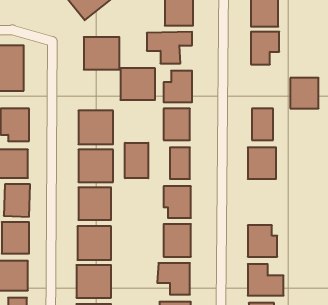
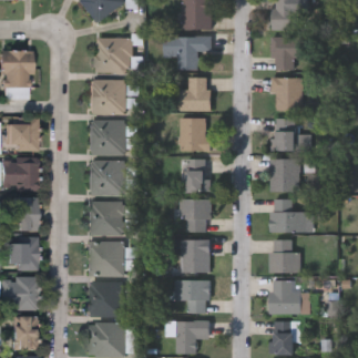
building: [120,68,155,100] -> [91,80,127,113]
building: [290,78,319,108] -> [273,78,303,110]
building: [125,143,148,178] -> none
building: none -> [269,200,305,233]

